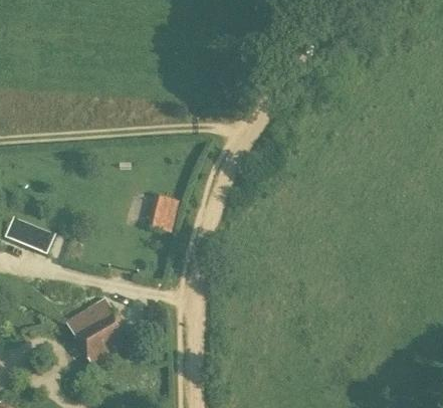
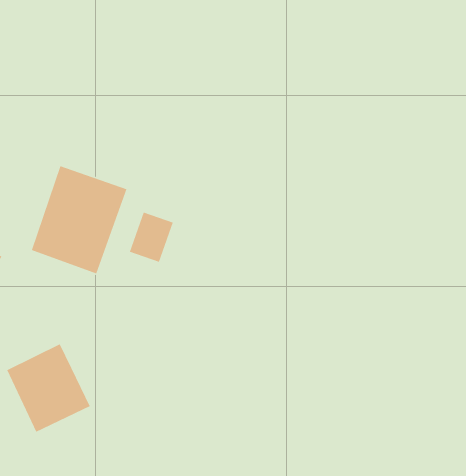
building: none -> [31,165,128,275]

